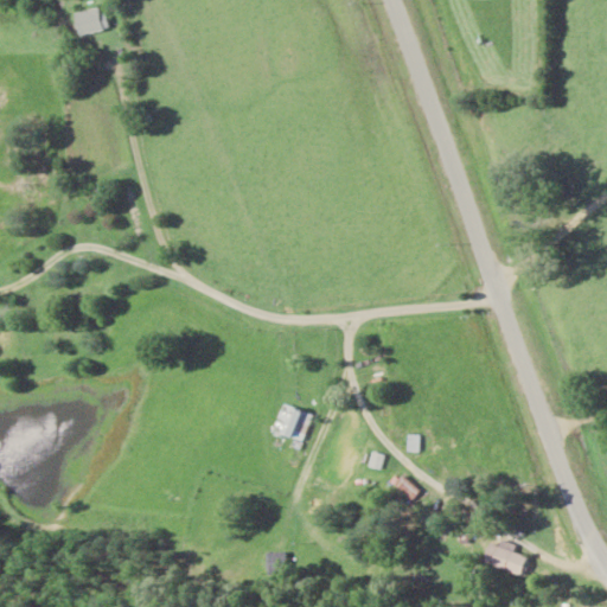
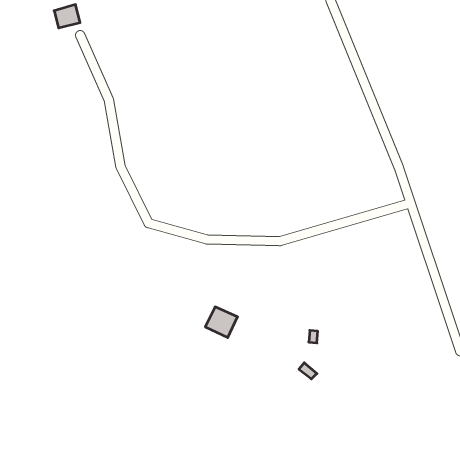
building: [481,537,529,576] -> none

